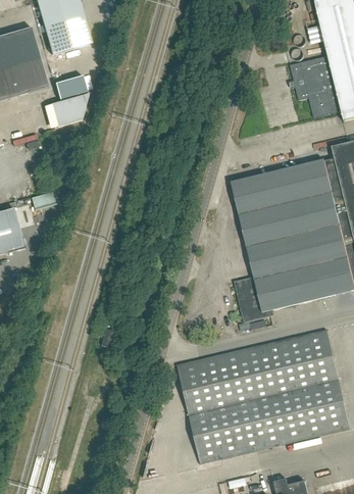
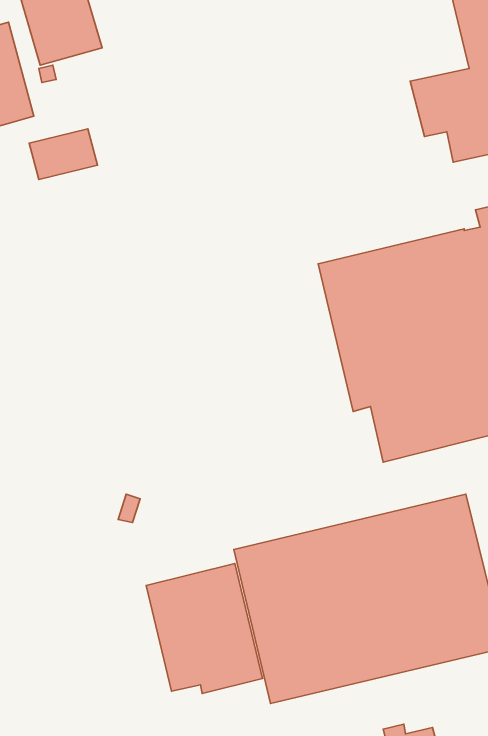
building: [55,76,87,100] -> none
building: [234,274,274,323] -> none
building: none -> [146,563,262,693]

